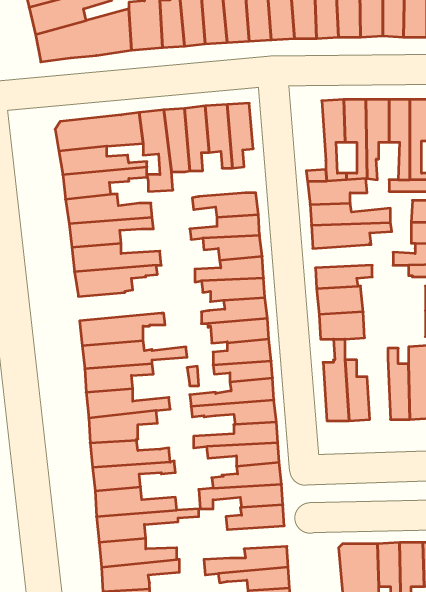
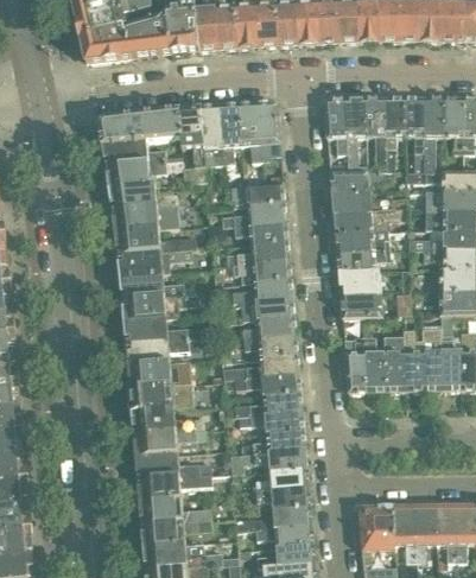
building: none -> [323,99,345,153]
building: none -> [334,230,388,252]
building: none -> [119,274,195,300]
building: none -> [383,335,405,390]
building: none -> [255,488,310,509]

